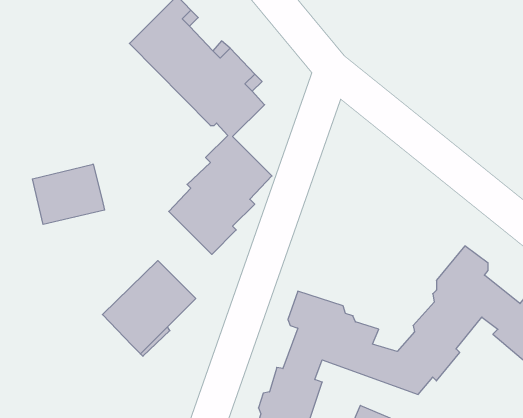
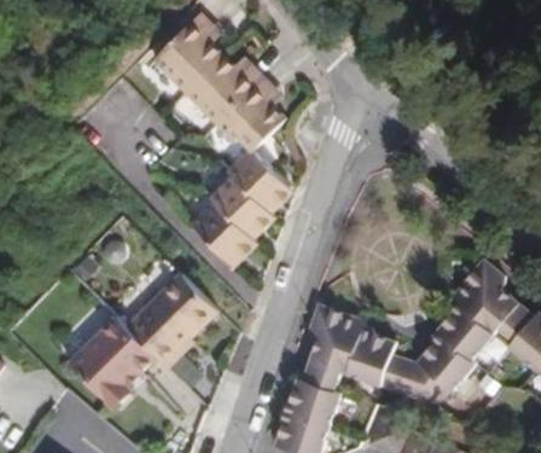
building: [32,164,105,224] -> none
building: none -> [69,319,153,407]

